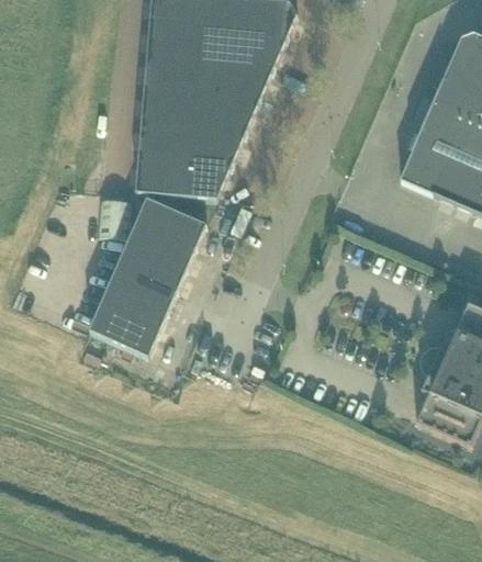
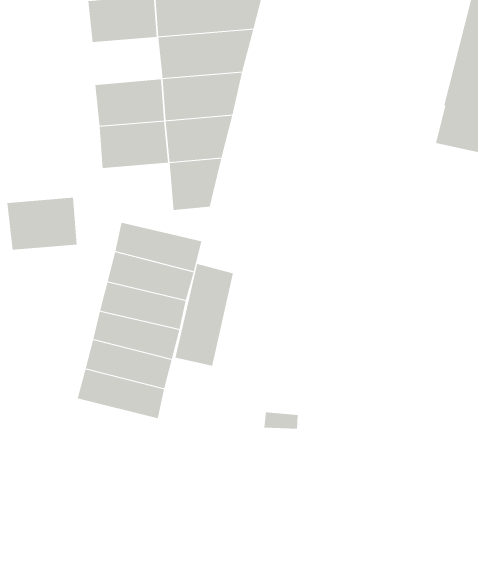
building: [145,54,200,91] -> none
building: [137,153,192,194] -> [7,197,78,250]
building: none -> [175,263,233,366]

